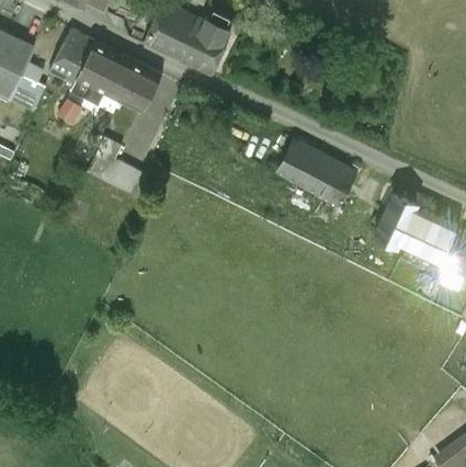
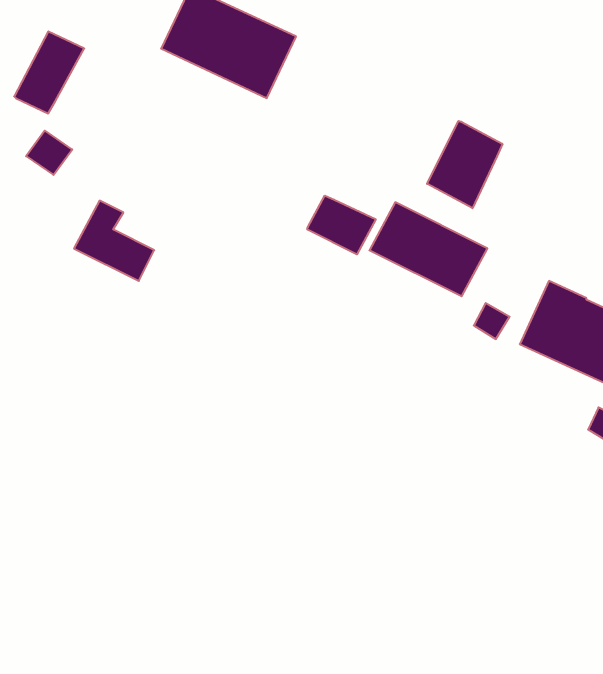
building: [77,43,161,109] -> none
building: none -> [427,121,502,208]
building: none -> [307,196,376,254]

